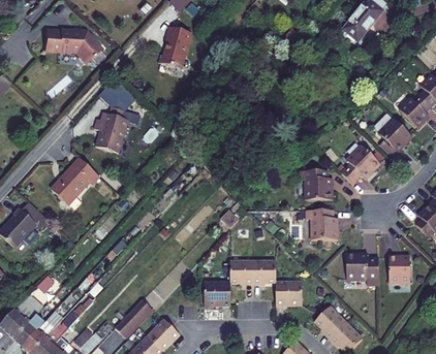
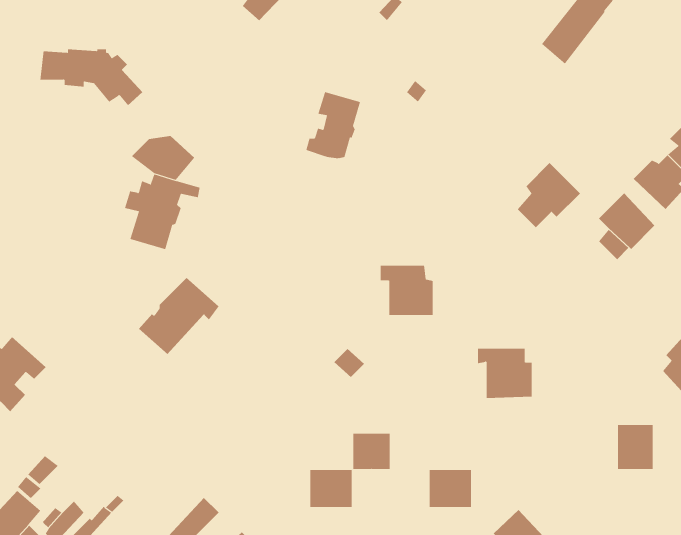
building: [158,25,191,65] -> [305,91,361,159]
building: [342,146,380,185] -> [517,162,581,228]
building: [51,158,99,204] -> [138,277,219,355]
building: [300,169,332,199] -> [380,265,433,315]
building: [346,252,378,284] -> none
building: [253,260,276,282] -> none

